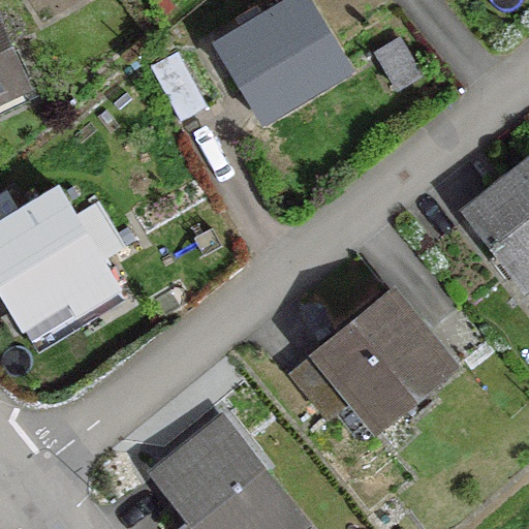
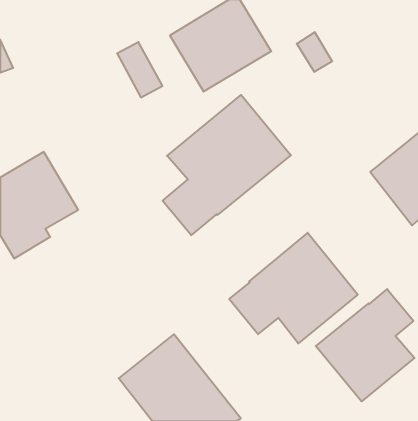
building: none -> [163,95,291,235]
building: none -> [316,289,414,401]

